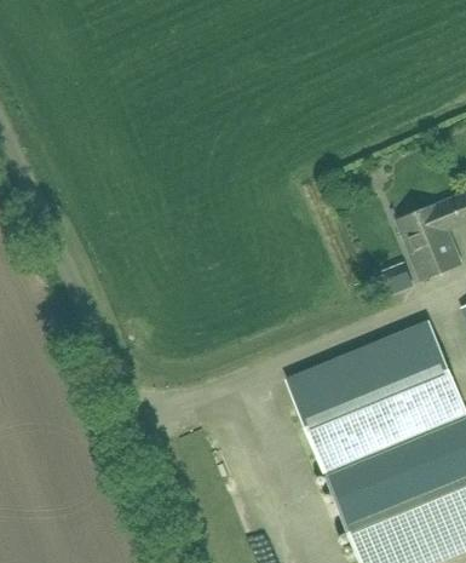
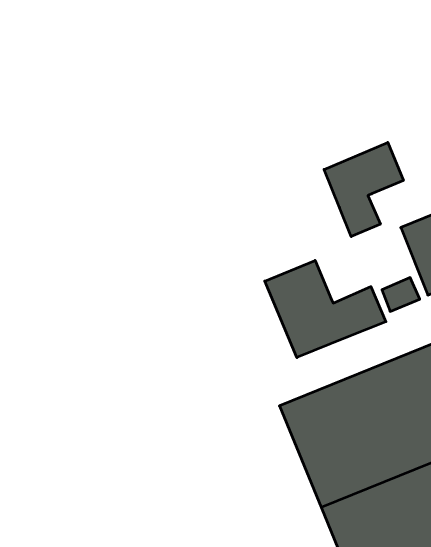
building: none -> [324,142,403,237]
building: none -> [265,260,386,358]

